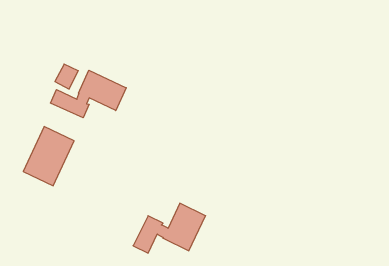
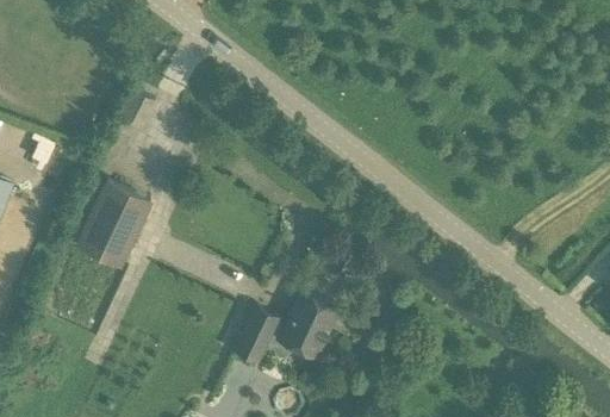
building: [51,70,126,118] -> none

